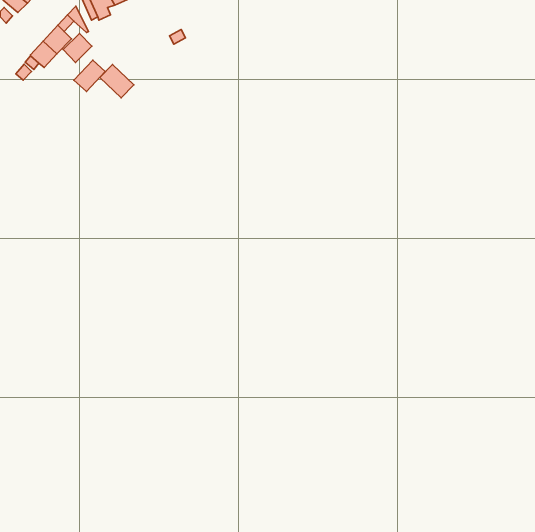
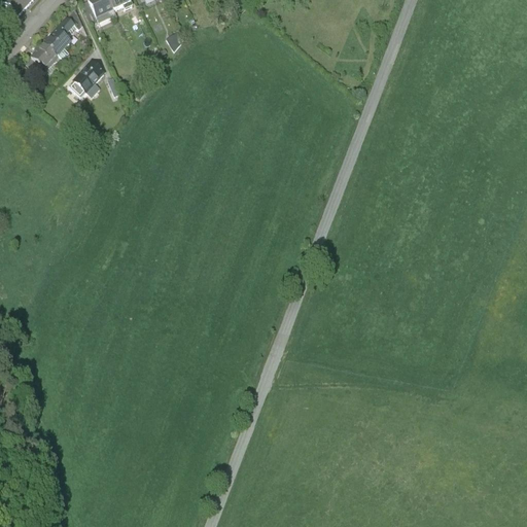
building: [63,33,92,62] -> none
building: [100,65,134,98] -> none

